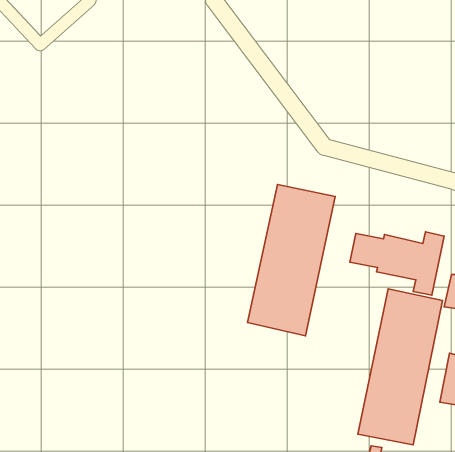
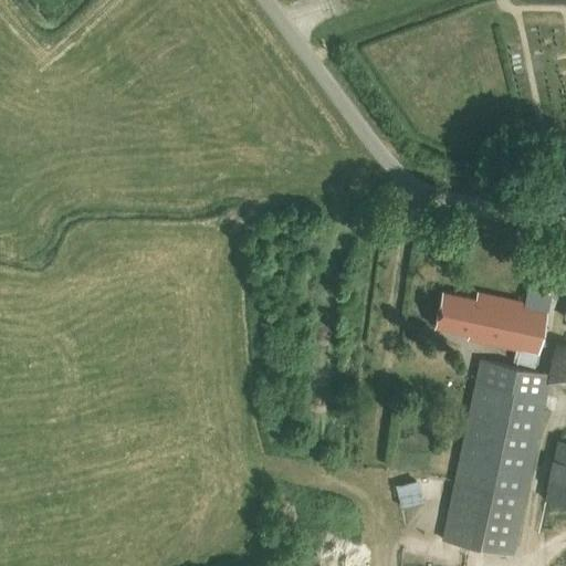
building: [247,184,335,336] -> none

